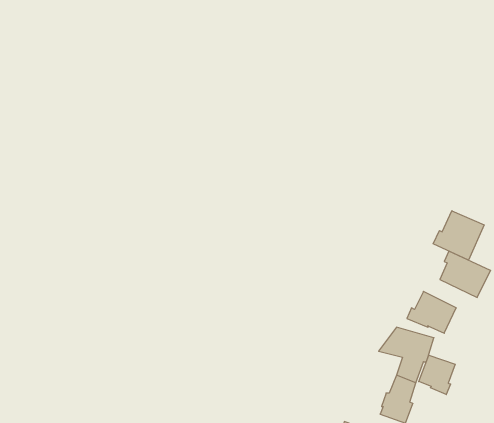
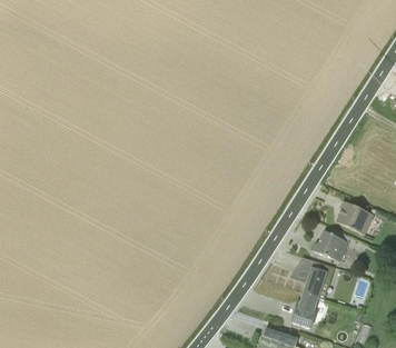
building: [433,211,484,260] -> none
building: [419,355,455,395] -> none

